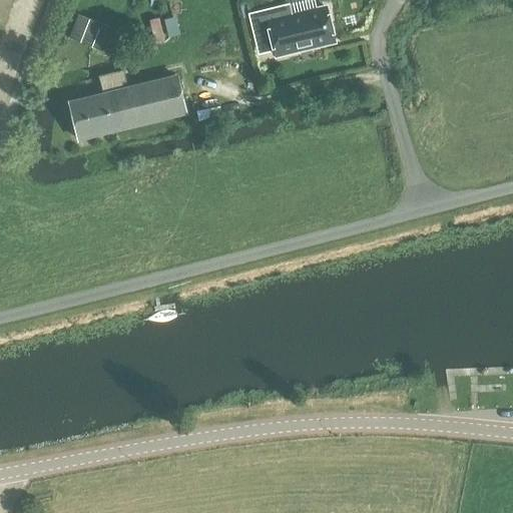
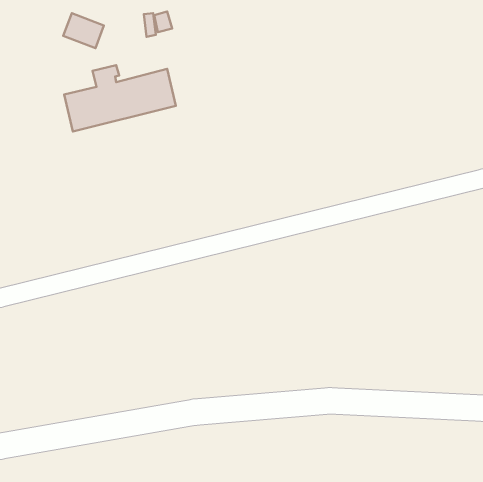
building: [249,6,334,56] -> none

